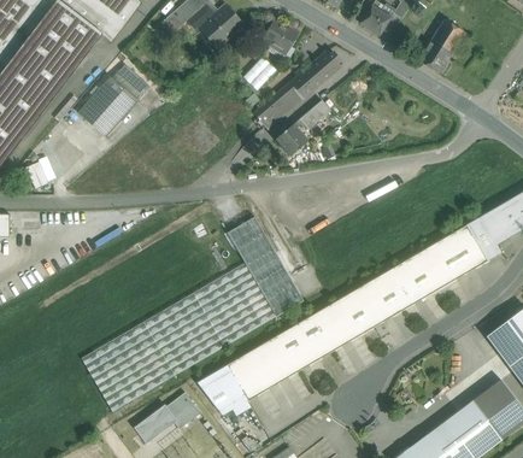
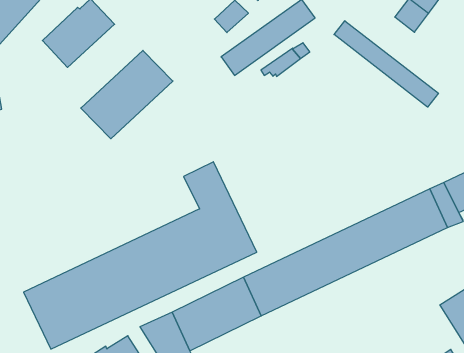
building: none -> [334,21,438,107]
building: none -> [81,50,173,139]
building: [276,123,308,155] -> none

